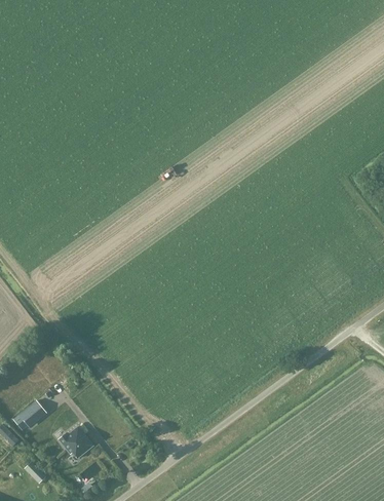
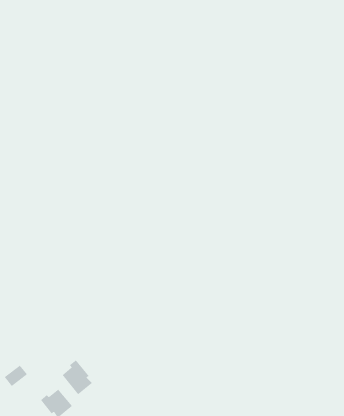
building: none -> [62,360,93,395]

